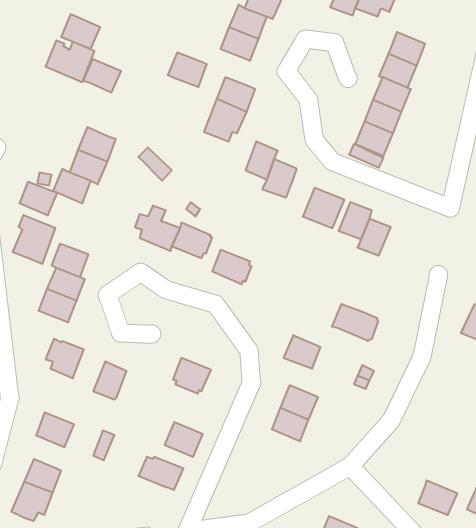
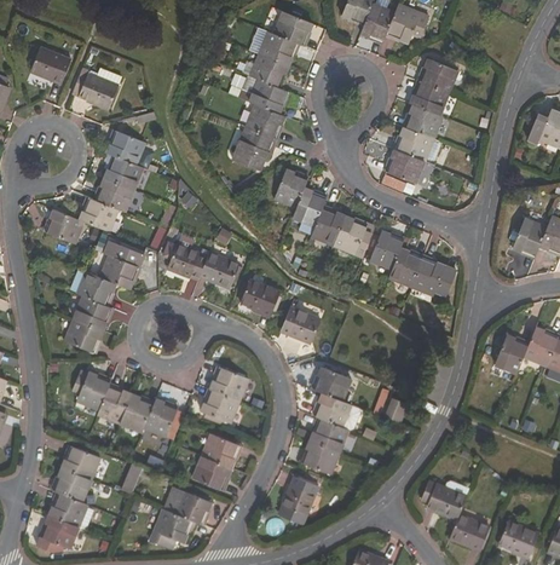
building: [61,14,100,49] -> [30,47,70,82]
building: [168,52,207,87] -> [248,79,288,114]
building: [83,59,121,92] -> [106,131,145,165]
building: none -> [311,208,345,246]
building: [13,215,55,264] -> [99,241,143,290]
building: none -> [410,256,456,296]
building: none -> [281,307,321,342]
building: [332,304,378,341] -> [313,393,360,431]
building: none -> [209,367,248,402]
building: none -> [97,385,132,423]
building: none -> [144,399,178,437]
building: none -> [202,433,239,467]
building: none -> [53,468,91,502]
building: none -> [279,477,318,525]
building: none -> [421,482,469,519]
building: none -> [150,508,192,549]

